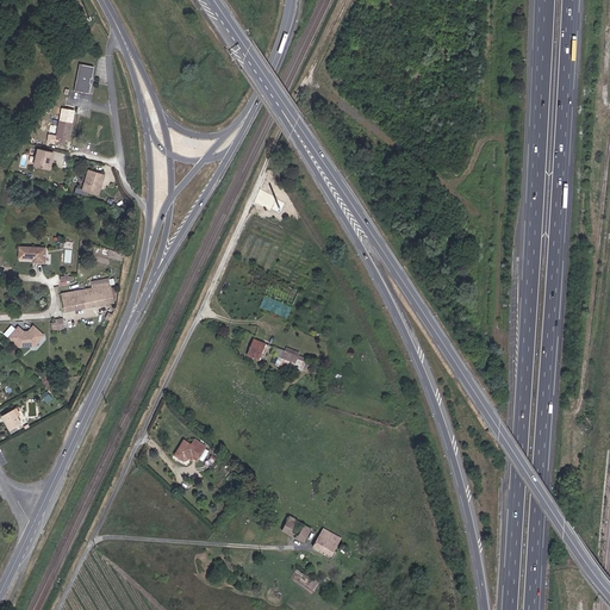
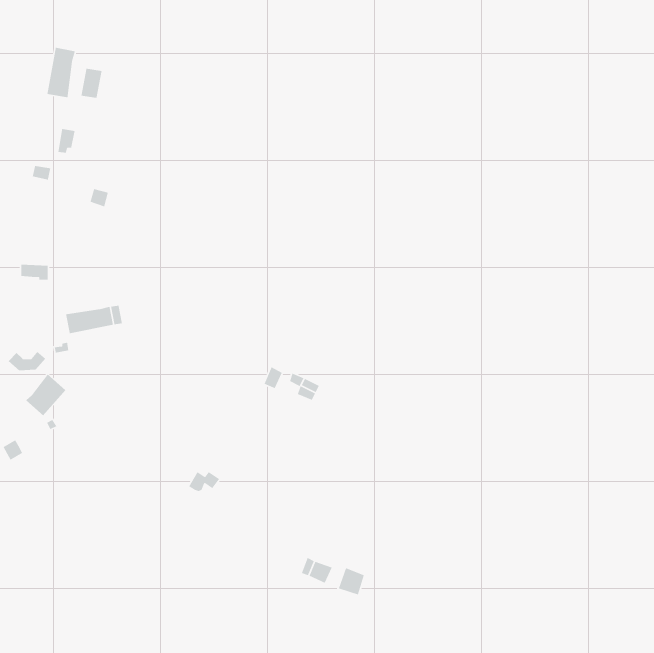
building: none -> [46,47,76,98]
building: none -> [26,374,66,416]

